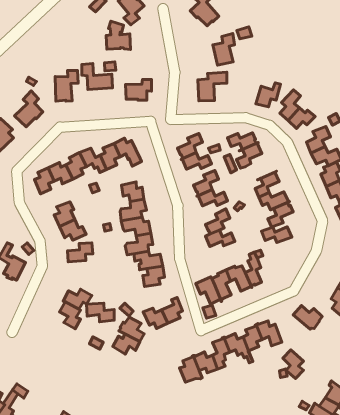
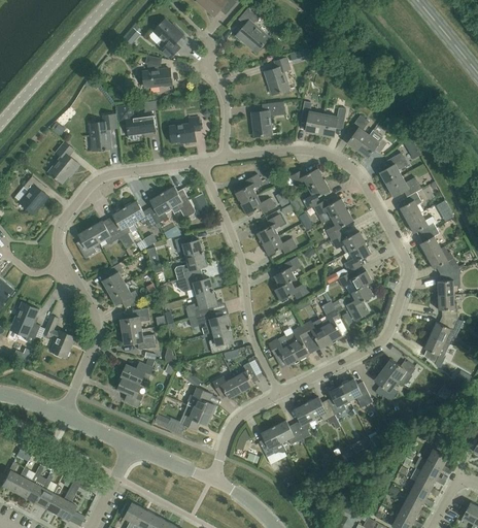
building: none -> [301,103,323,135]
building: none -> [313,199,349,223]
building: none -> [346,285,374,316]
building: [87,303,114,322] -> [123,329,156,351]
building: [283,350,304,379] -> [374,370,399,402]

